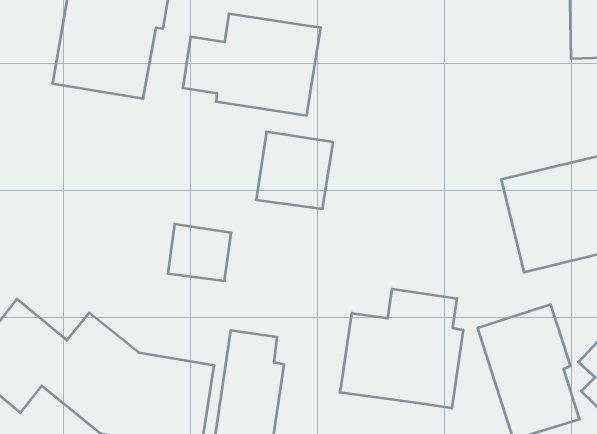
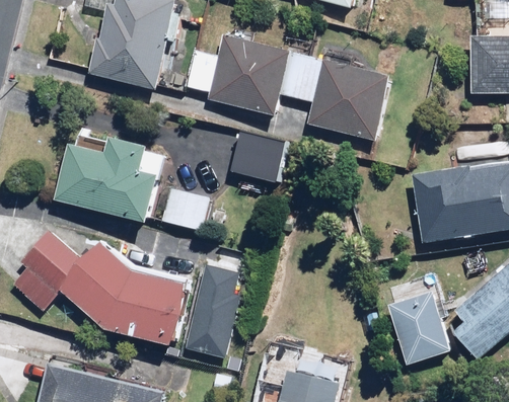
building: none -> [278,48,391,141]
building: none -> [52,130,166,226]
building: [340,289,463,408] -> none

